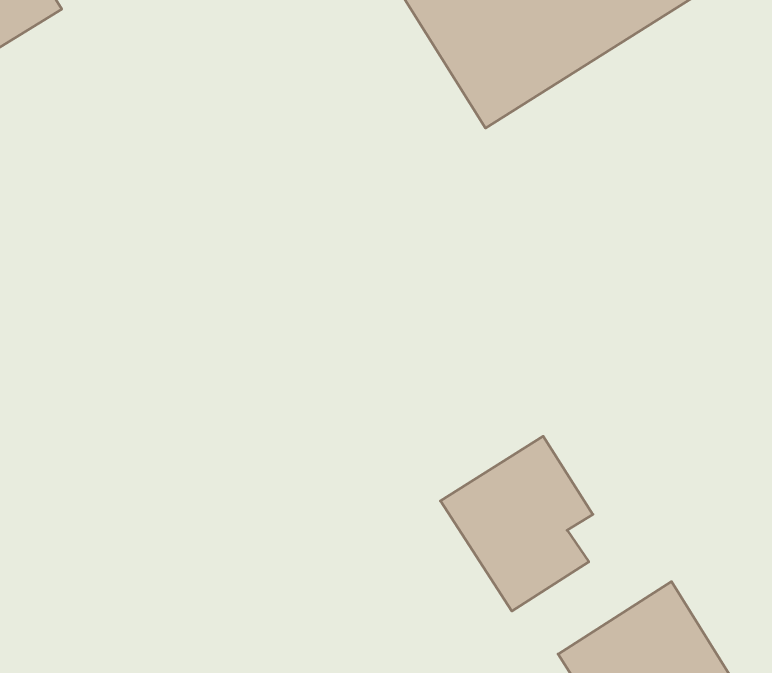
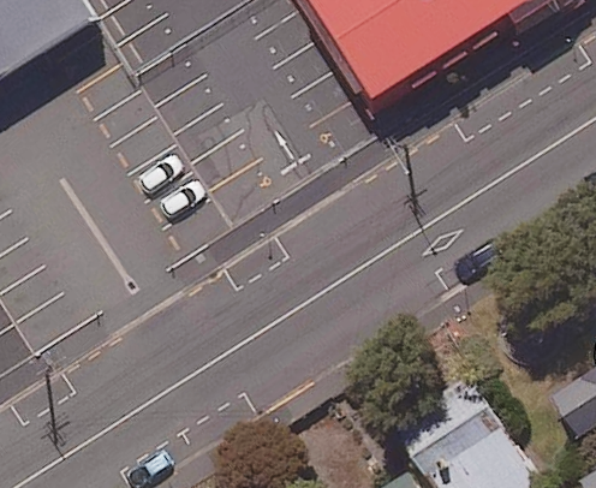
building: [440,436,593,611] -> none

